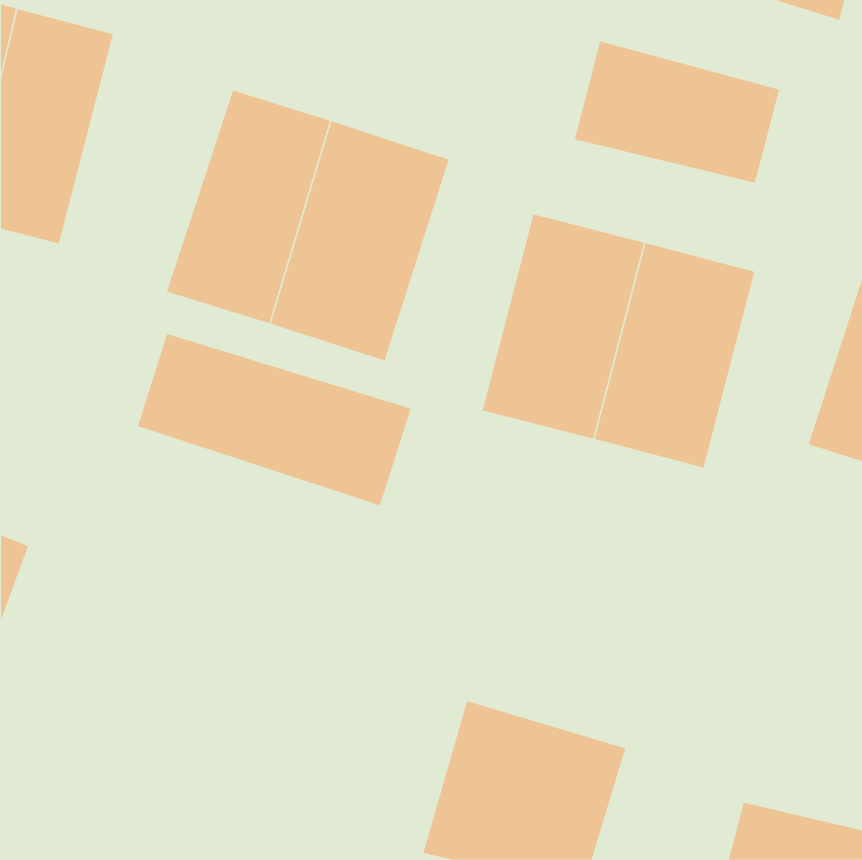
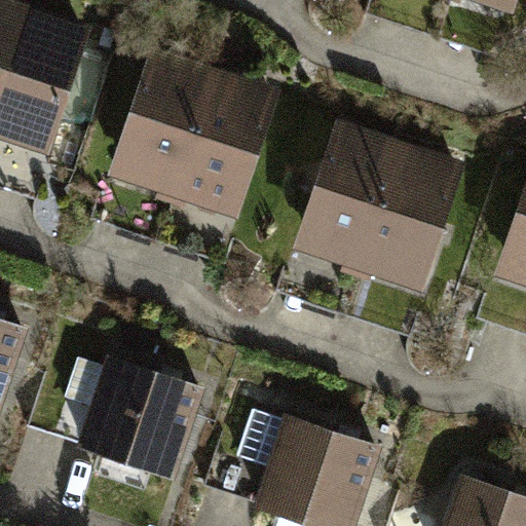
building: [574,41,780,184] -> none
building: [137,333,411,506] -> none
building: none -> [77,358,200,477]

